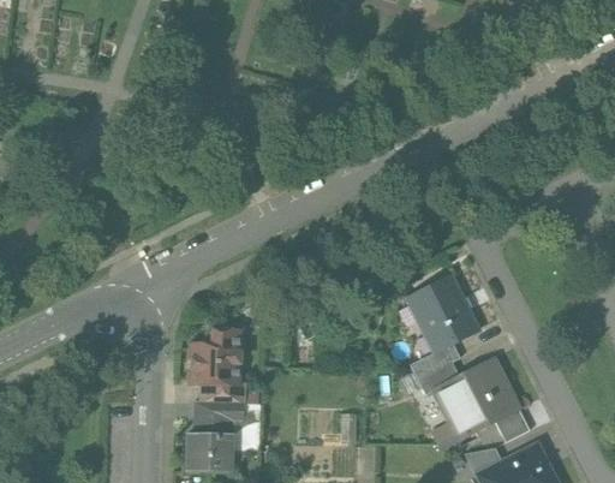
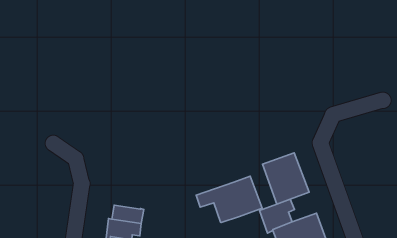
building: none -> [196,176,262,223]
building: [191,329,240,382] -> none

